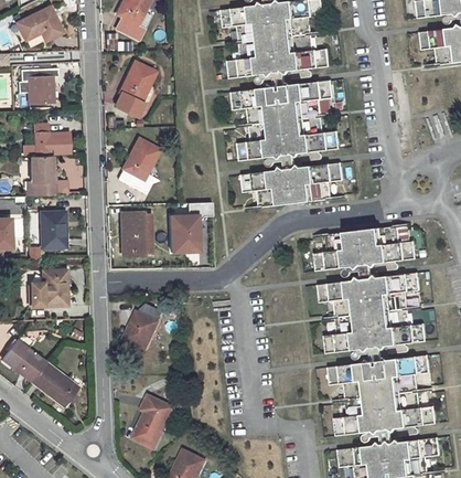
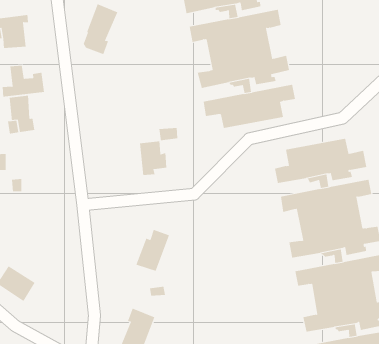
building: [118,137,159,192] -> none
building: [40,210,65,246] -> none
building: [122,212,144,254] -> none
building: [30,268,67,305] -> none
building: [124,301,163,348] -> [135,229,170,271]
building: [31,360,79,405] -> none

